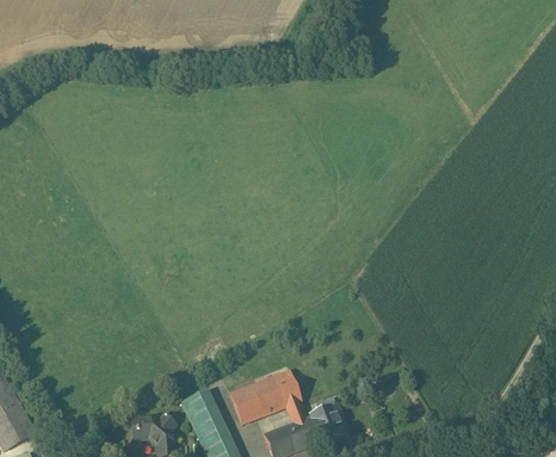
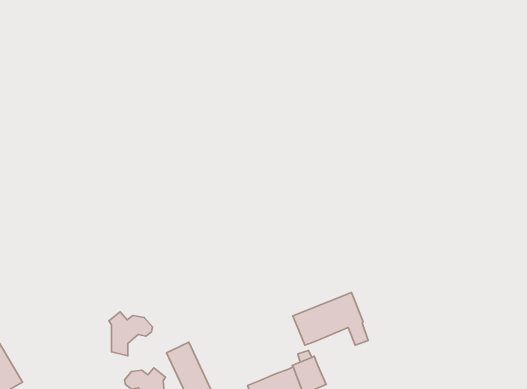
building: none -> [109,312,152,356]
building: [229,370,305,424] -> [293,292,368,345]

